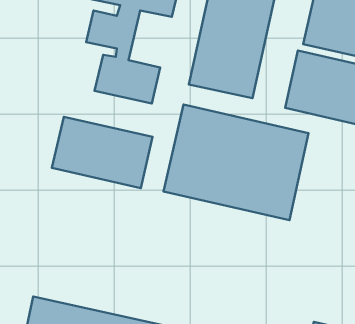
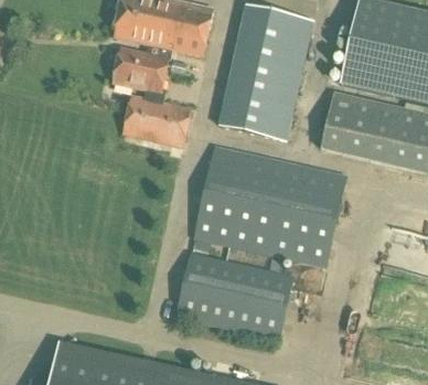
building: [52,117,153,188] -> none
building: none -> [178,250,293,336]

